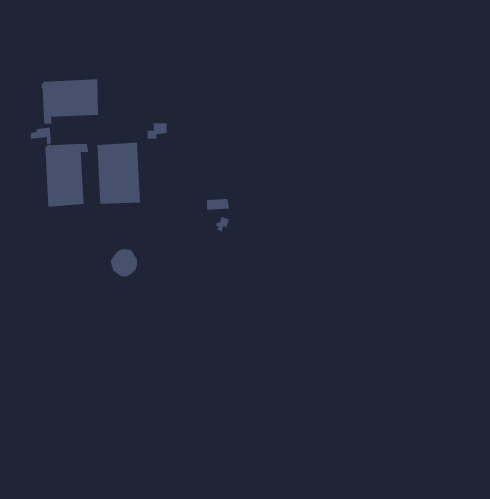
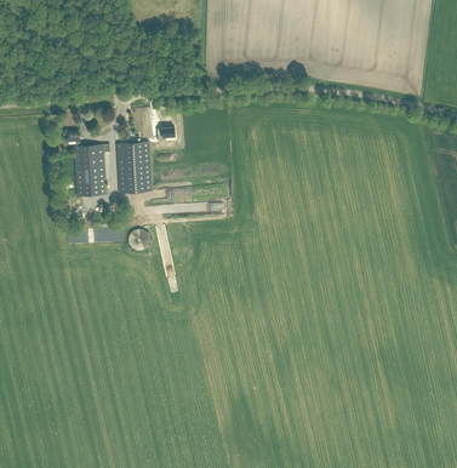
building: [41,79,99,125] -> none

